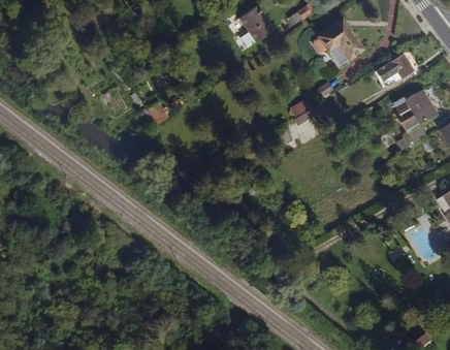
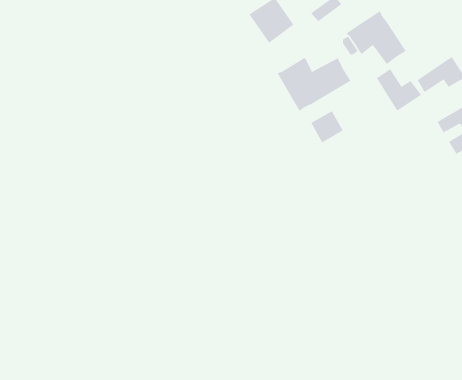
building: none -> [277,57,351,112]
building: none -> [376,68,422,112]

